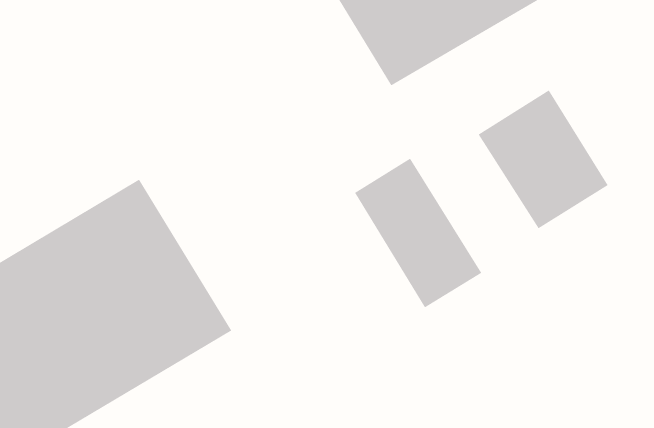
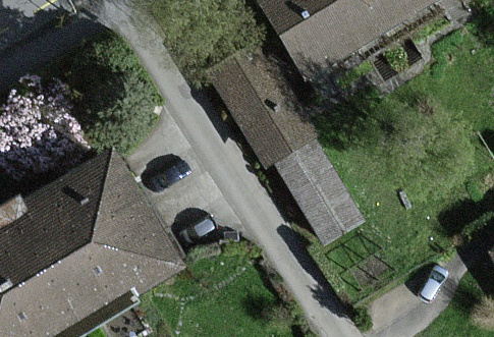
building: none -> [206,39,315,164]
building: [478,89,609,229] -> none

